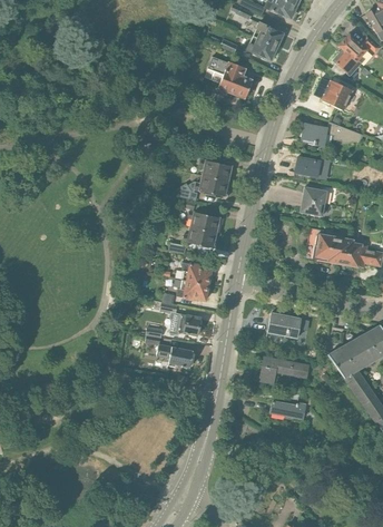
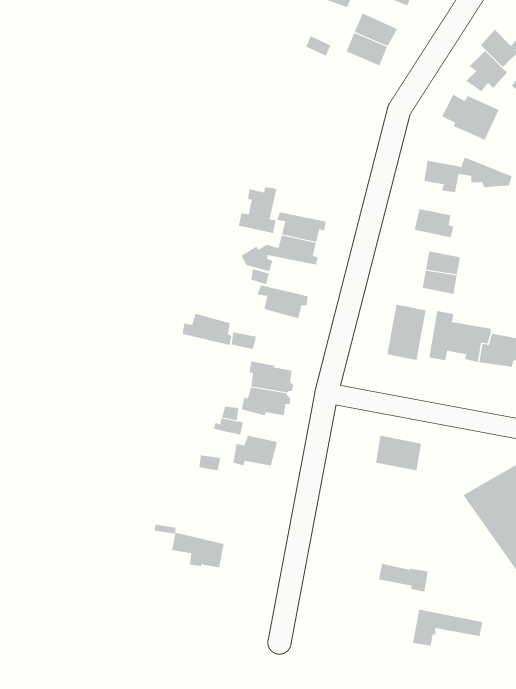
building: [209,57,253,98] -> none
building: none -> [238,187,277,234]
building: none -> [387,304,426,361]
building: [183,226,217,248] -> [182,313,232,346]
building: [145,338,194,368] -> [153,524,225,568]
building: [261,357,310,382] -> [412,609,483,646]

